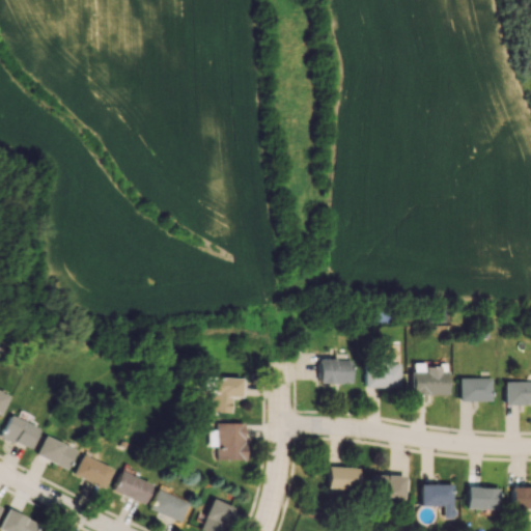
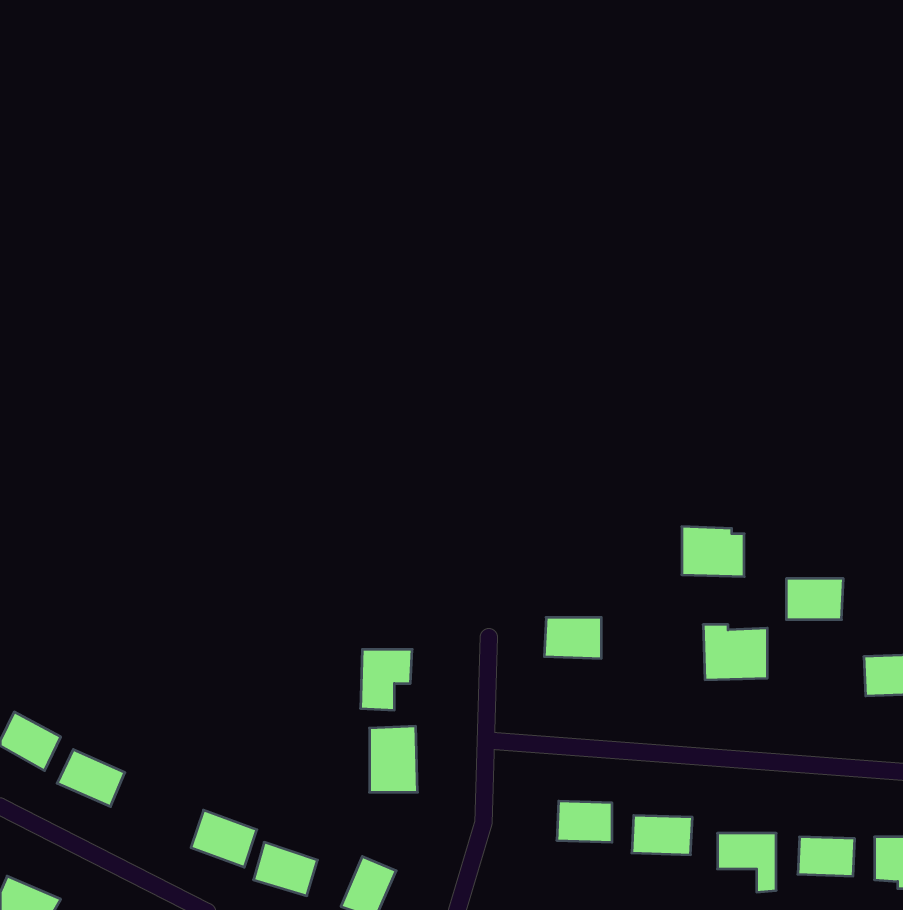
building: [367,360,403,389] -> [682,527,744,577]
building: [462,379,495,402] -> [786,579,843,620]
building: [77,456,115,488] -> none

